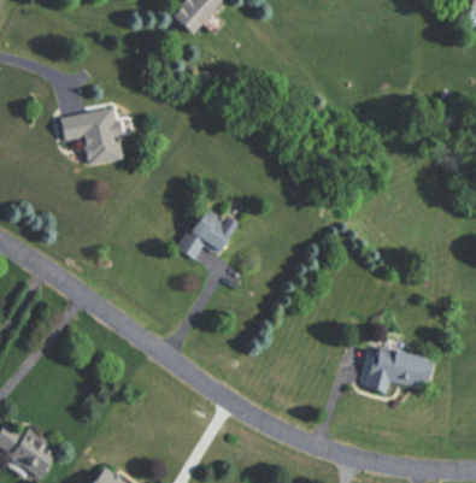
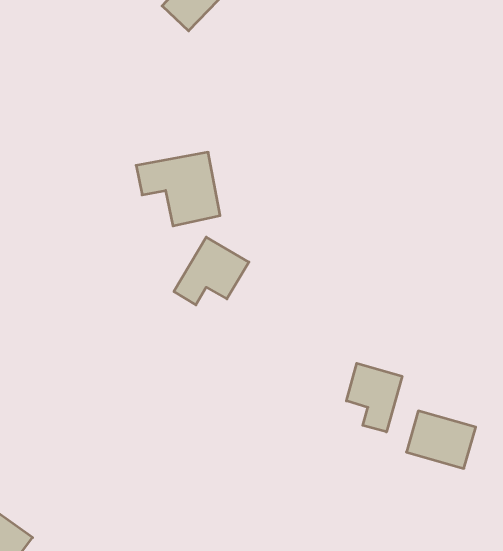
building: [60,106,129,166] -> [136,152,220,226]
building: none -> [346,363,402,432]

